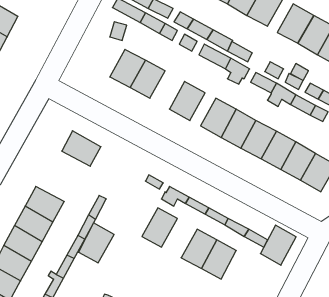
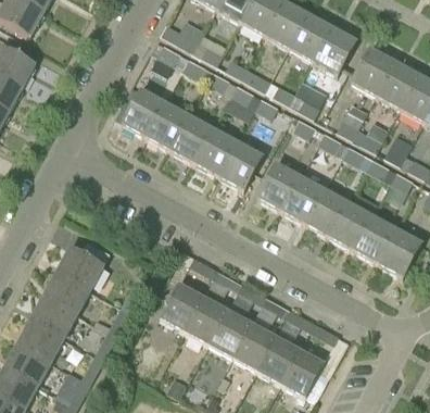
building: none -> [122,89,165,137]
building: none -> [195,129,238,176]
building: [62,131,101,166] -> [56,246,104,289]
building: none -> [210,310,253,358]
building: [78,223,114,263] -> [162,283,205,331]
building: [260,225,296,265] -> [282,349,326,398]

